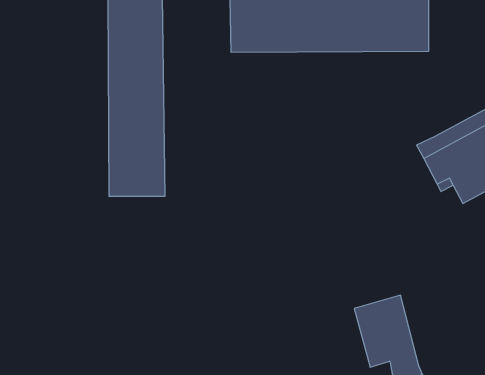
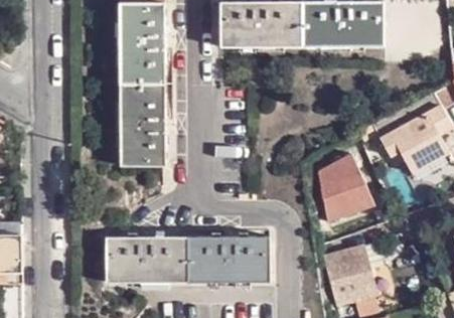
building: none -> [316,147,375,220]
building: none -> [107,235,272,283]

